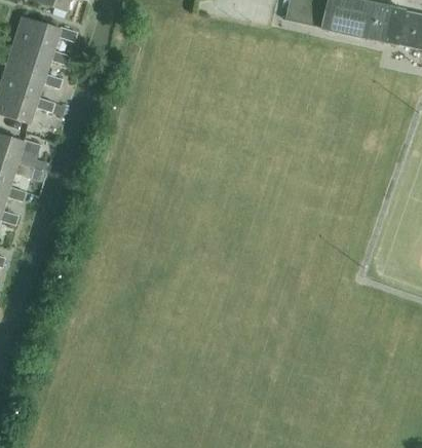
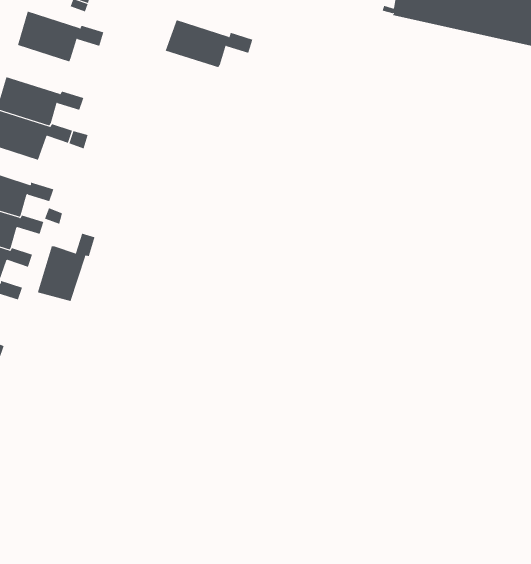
building: [6,40,70,75] -> [165,19,253,68]
building: none -> [37,233,95,302]

